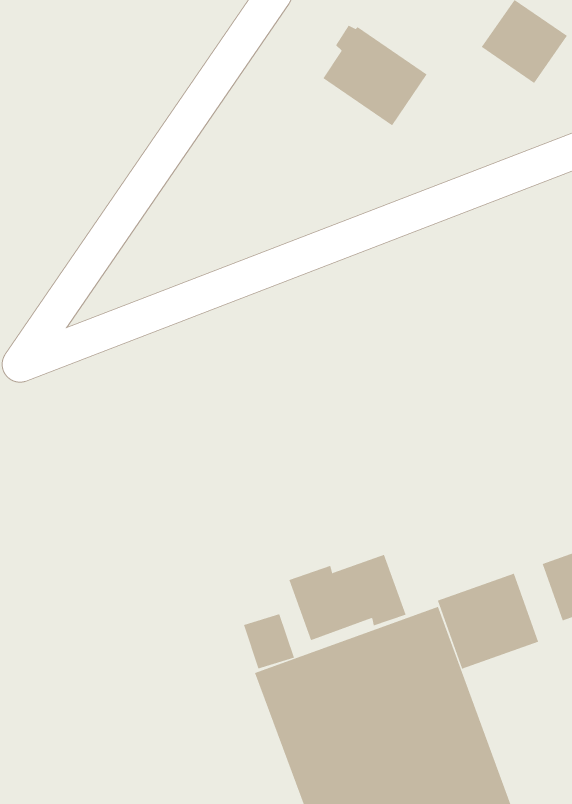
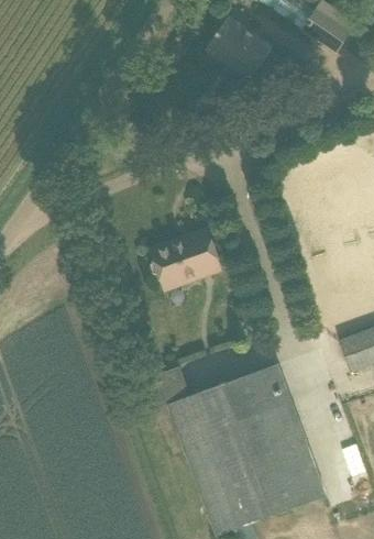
building: [288,554,407,641] -> [150,234,220,286]
building: [437,573,539,669] -> none

